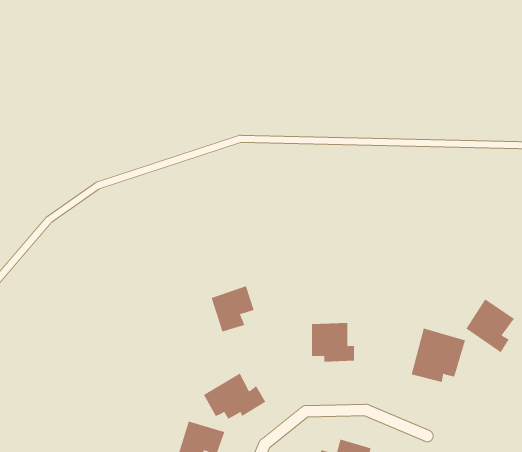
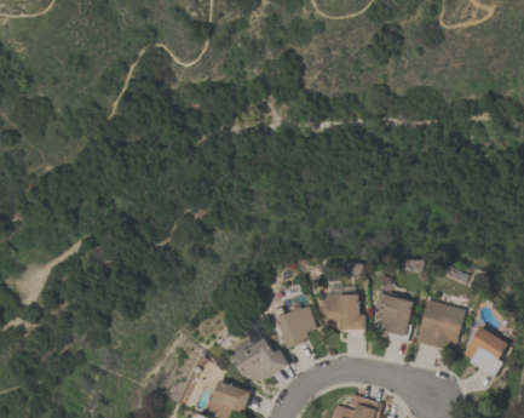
building: [211,286,255,332] -> [276,307,315,348]
building: [466,298,515,353] -> [461,327,505,376]
building: none -> [375,296,413,337]

